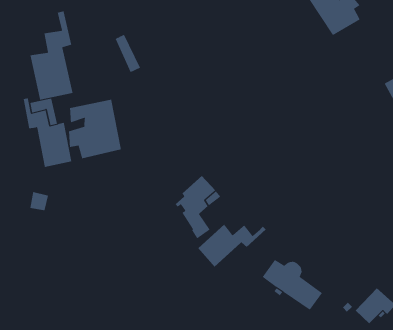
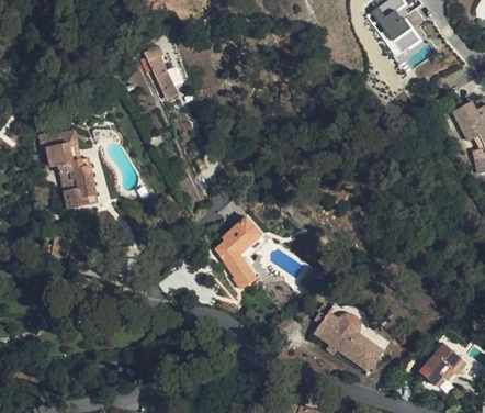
building: [30,11,73,100] -> none
building: [68,99,121,159] -> none
building: [197,224,267,267] -> none

